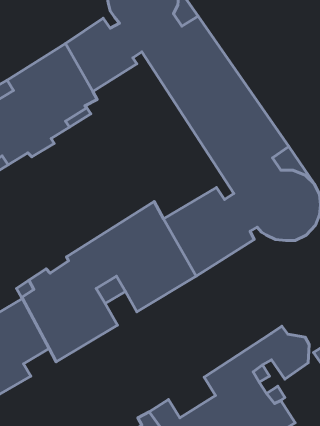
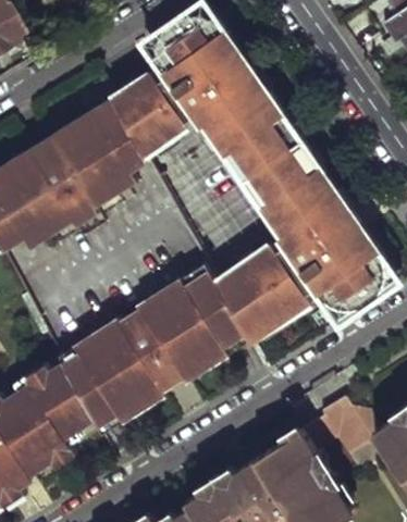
building: none -> [221,453,271,497]

